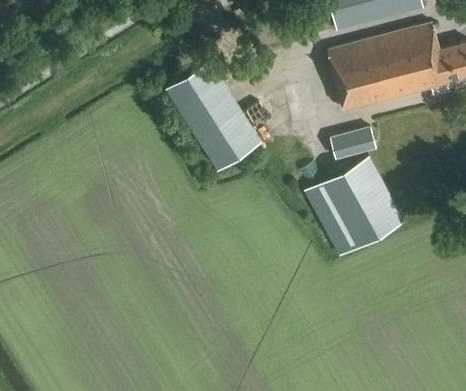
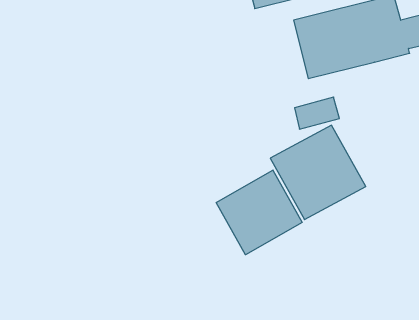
building: [167,61,260,168] -> none
building: none -> [216,170,302,255]

